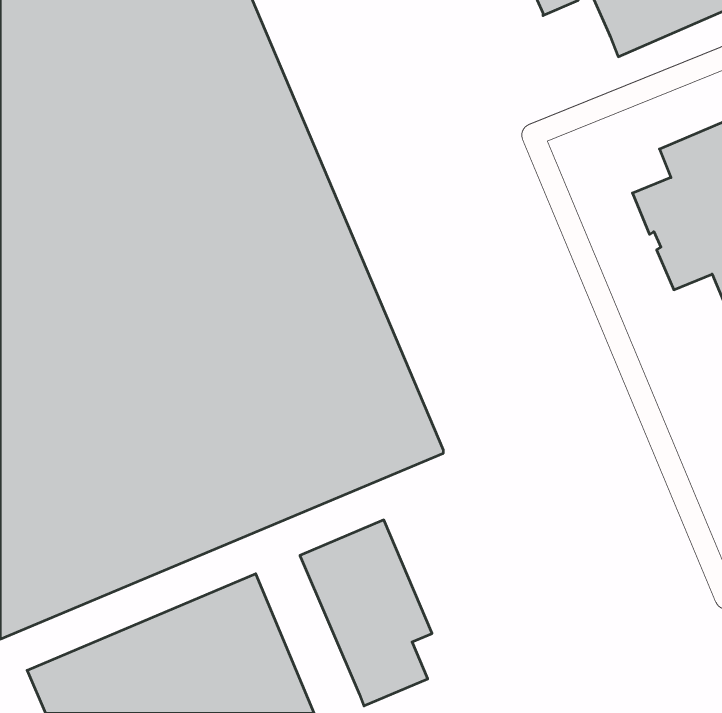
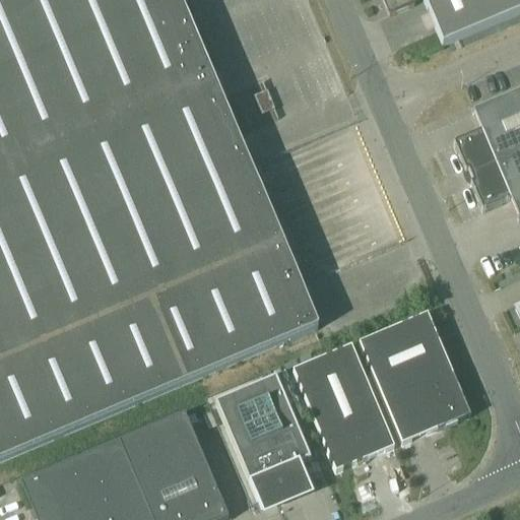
building: none -> [361,310,472,440]
building: none -> [295,341,396,468]

